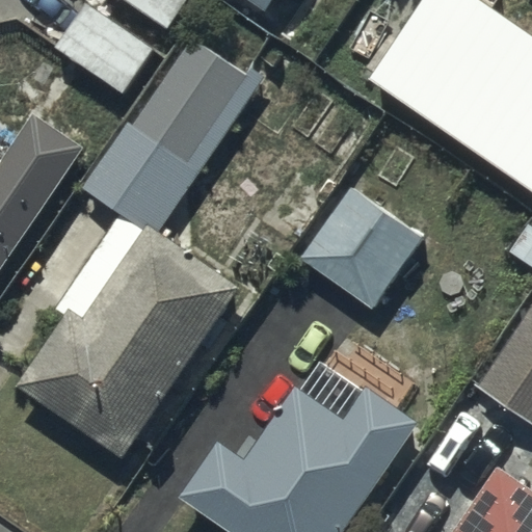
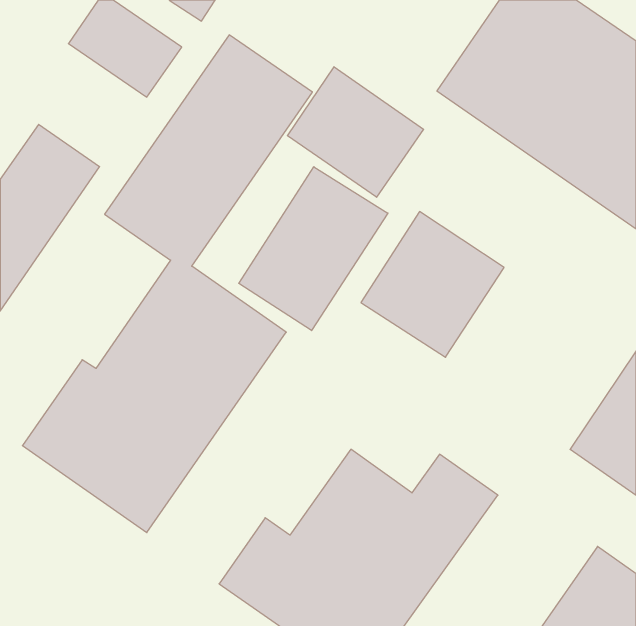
building: none -> [287,67,424,197]
building: none -> [239,167,388,331]

